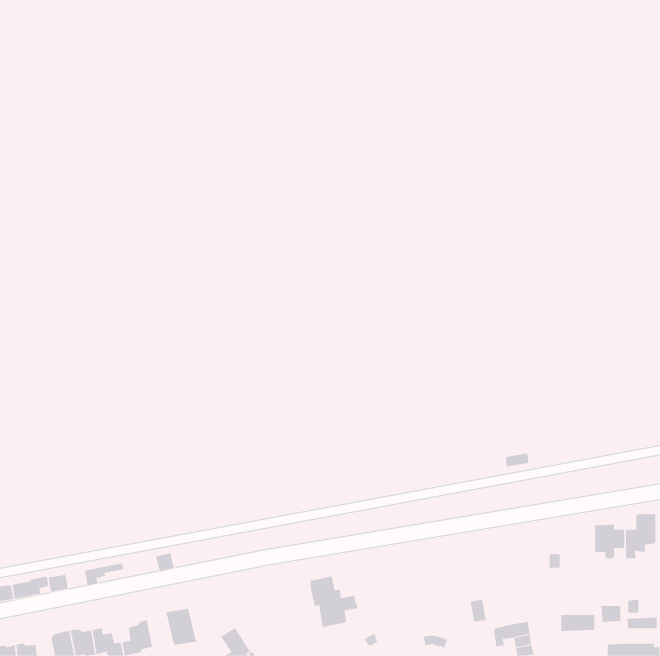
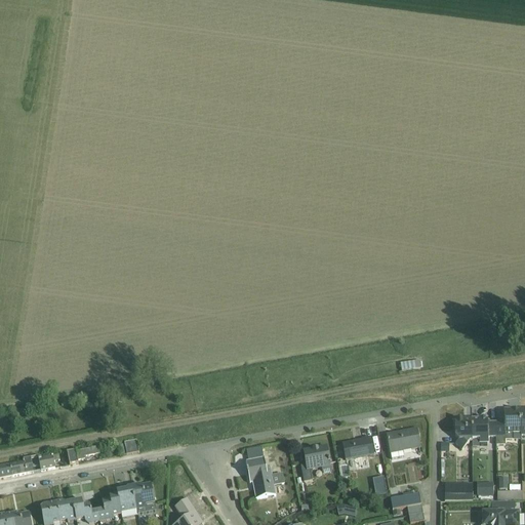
building: none -> [454,417,471,448]
building: none -> [386,428,419,458]
building: none -> [341,435,374,459]
building: none -> [300,444,331,480]
building: none -> [117,485,137,516]

